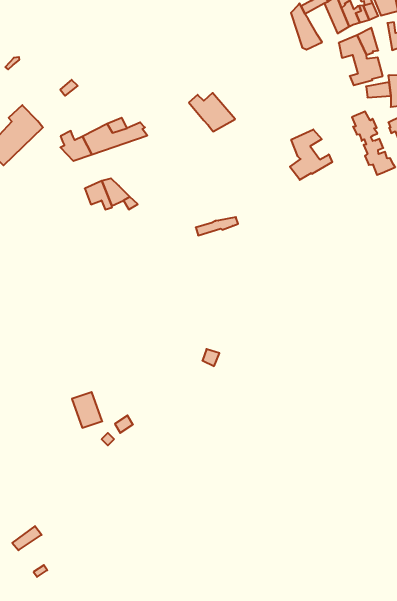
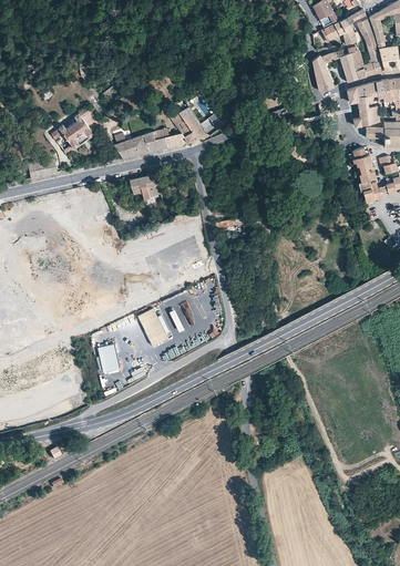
building: [189,93,235,131] -> [171,112,206,143]
building: [290,129,332,180] -> none
building: none -> [139,308,167,346]

